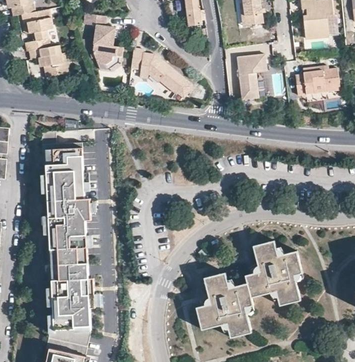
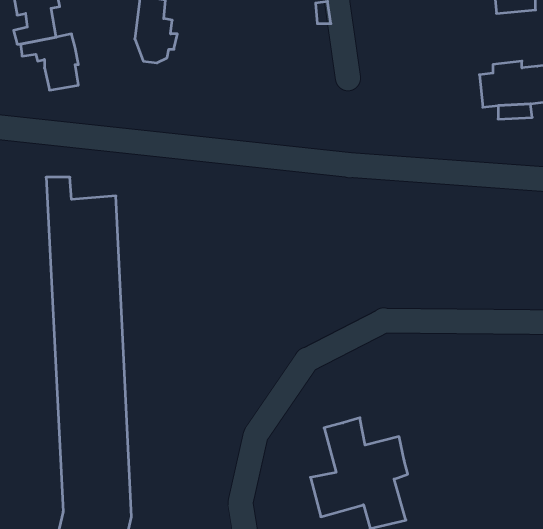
building: [130,49,186,94] -> none
building: [237,51,267,96] -> none
building: [246,240,302,305] -> none

